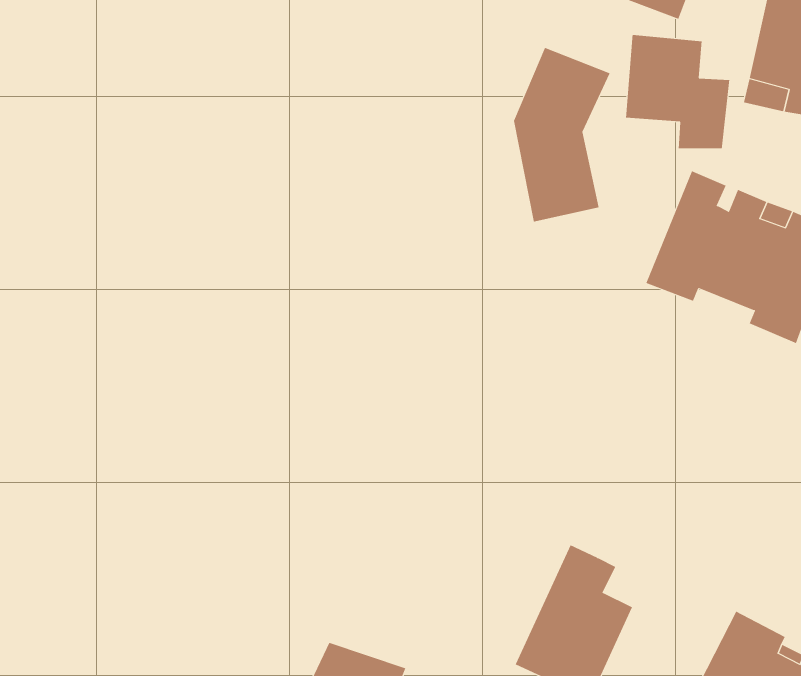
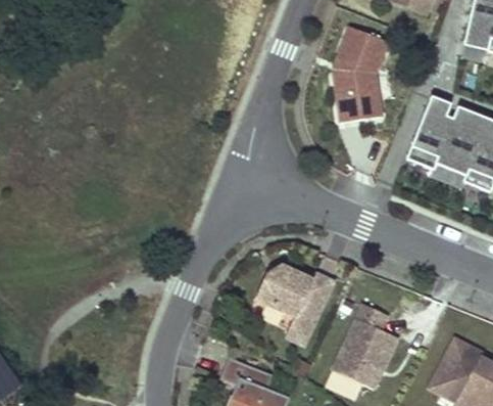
building: [625,34,730,149] -> none
building: none -> [258,264,336,344]

